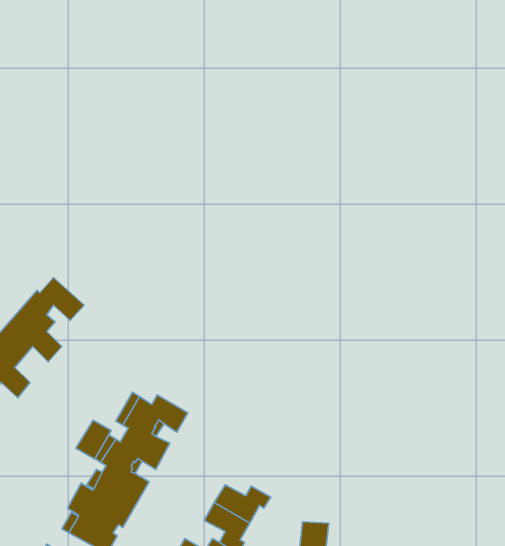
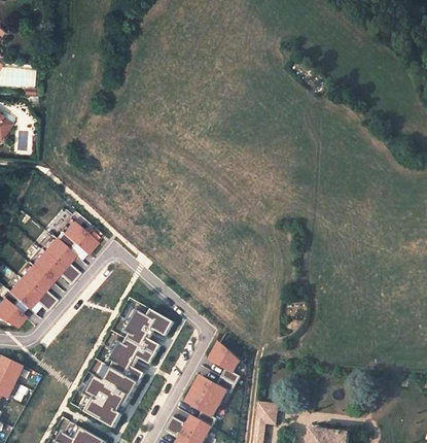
building: [76,420,111,459] -> none
building: none -> [209,342,239,384]

